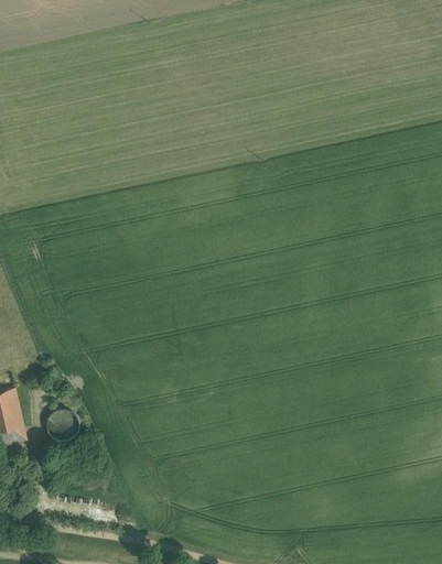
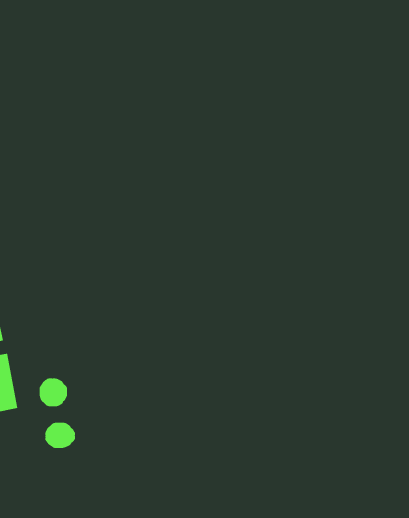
building: none -> [45,422,75,449]

